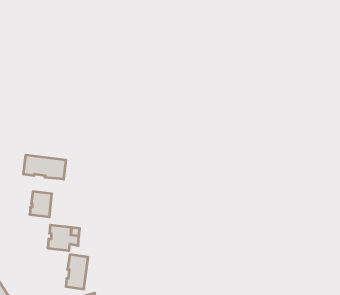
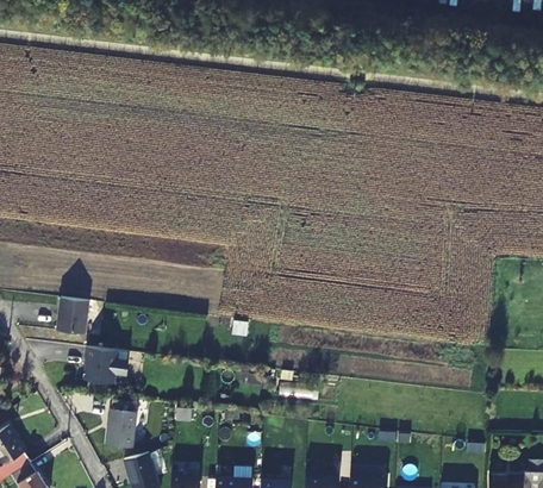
building: [24,155,66,179] -> none

